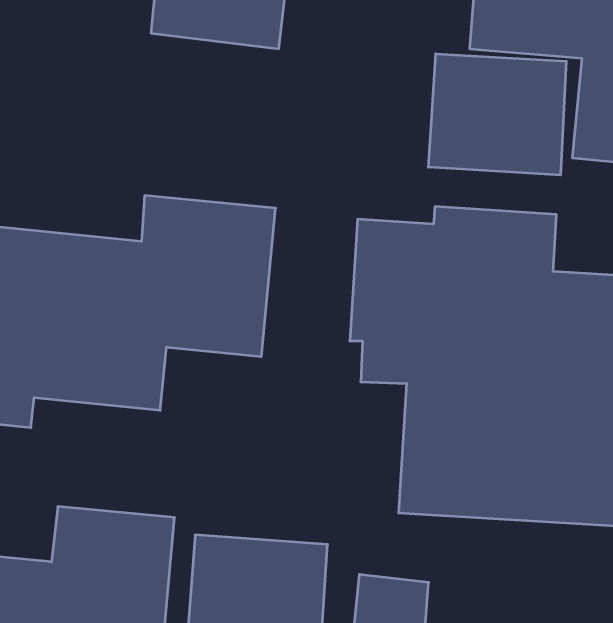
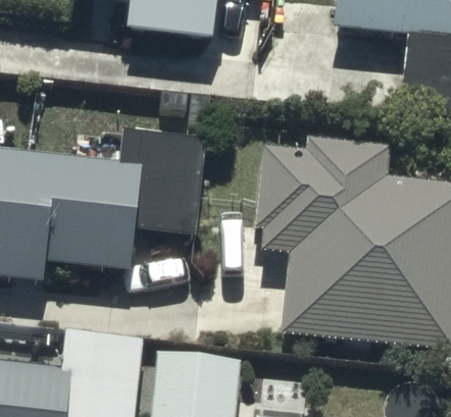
building: [428,54,566,175] -> none

